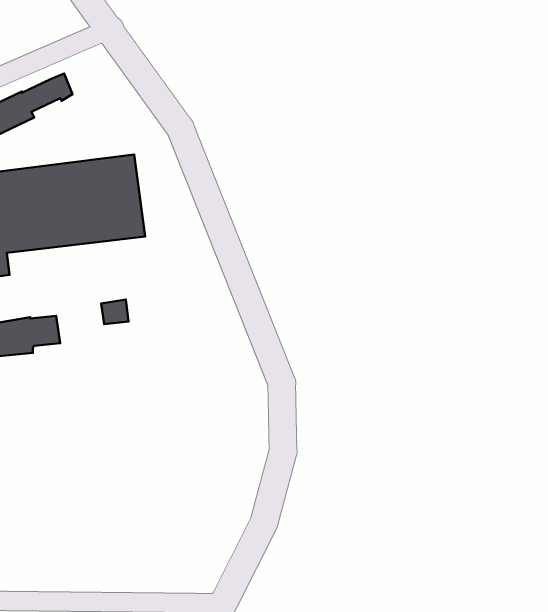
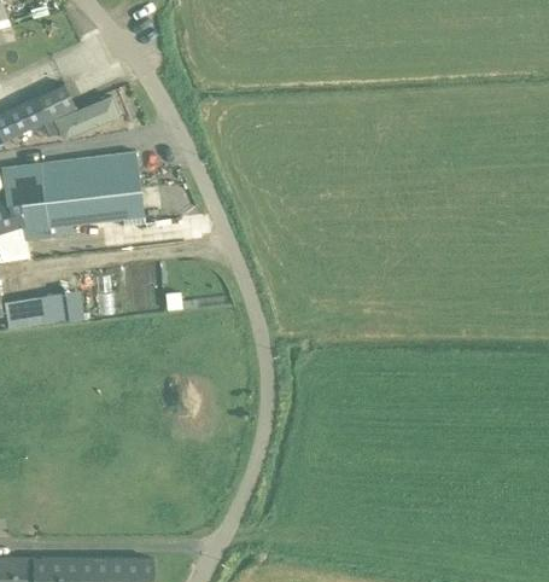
building: none -> [53,95,119,140]

